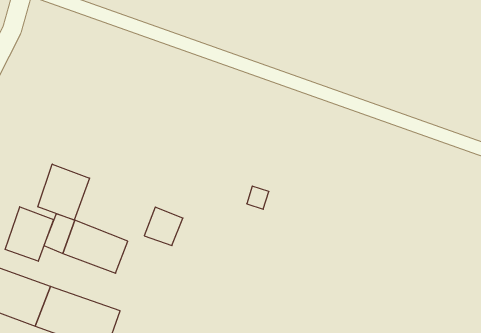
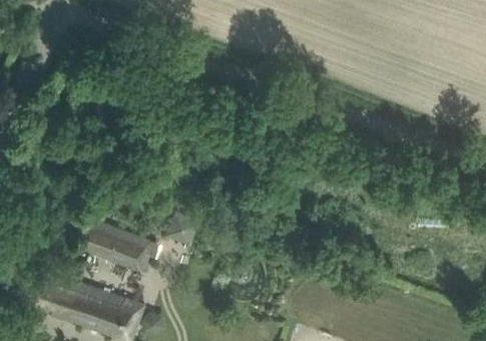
building: [38,164,90,220] -> none
building: [5,207,54,261] -> none

